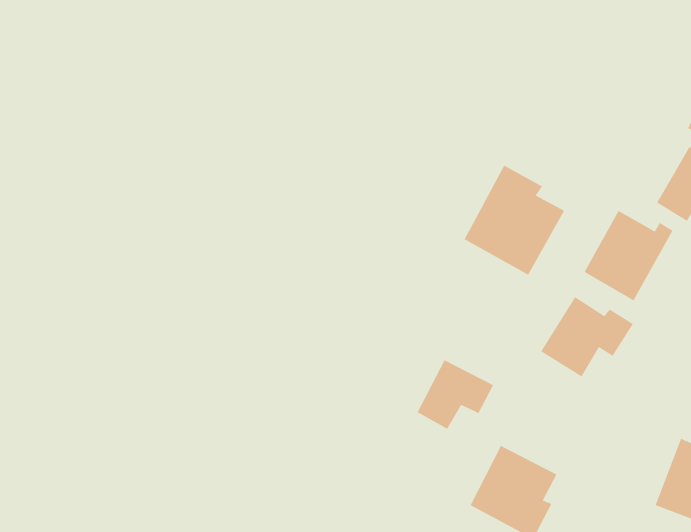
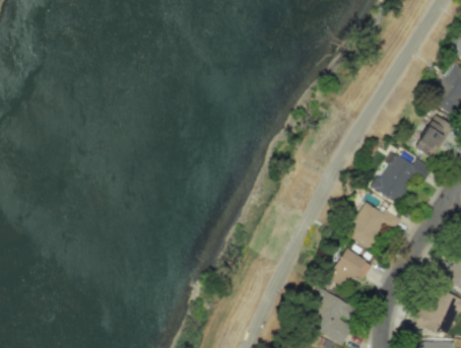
building: [463,164,565,276] -> none
building: [416,359,494,430] -> [327,248,373,289]

